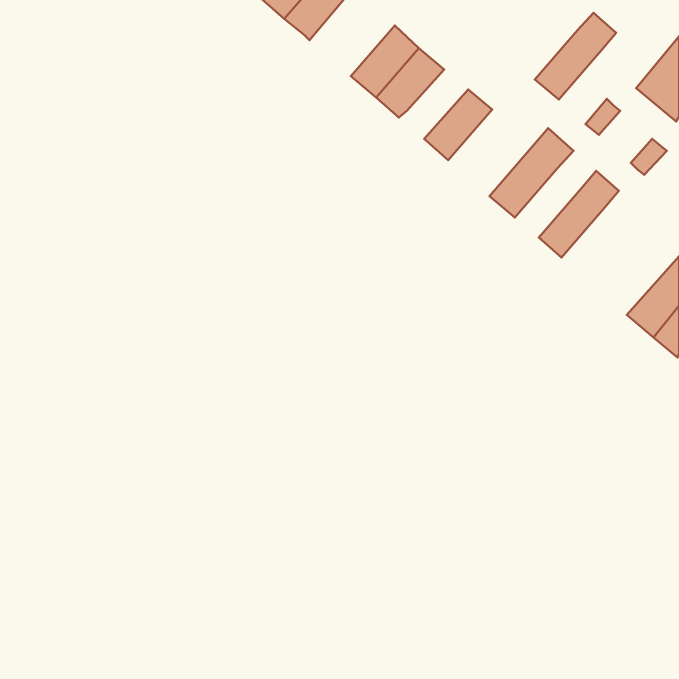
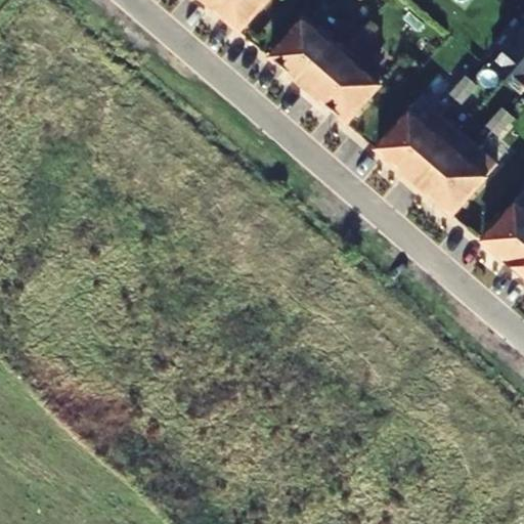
building: [535,13,616,99] -> [395,116,457,182]
building: none -> [306,53,359,106]
building: none -> [431,146,495,215]

